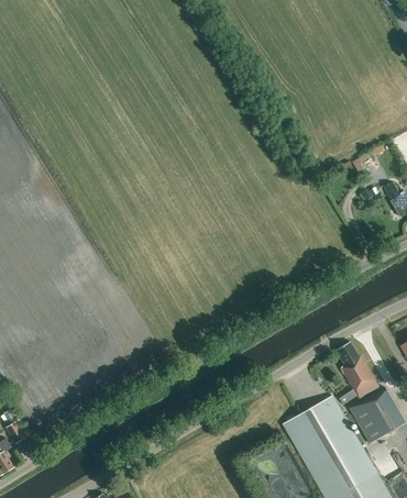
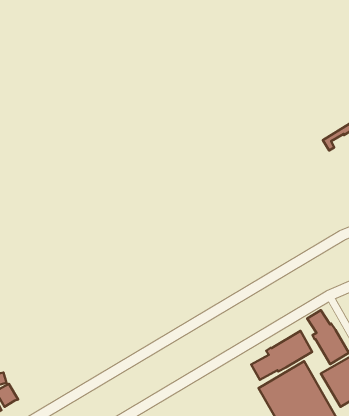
building: none -> [251,331,312,380]

